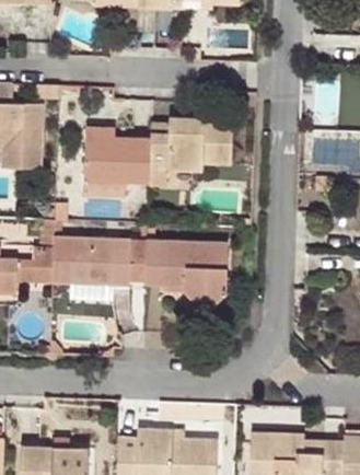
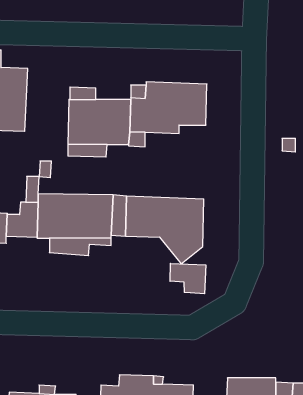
building: none -> [170,263,206,294]

